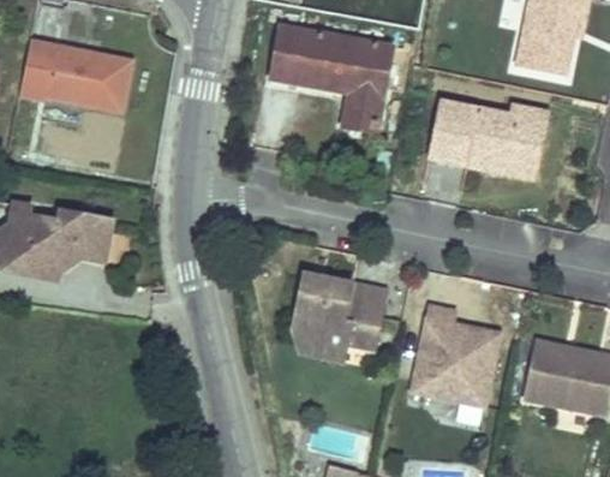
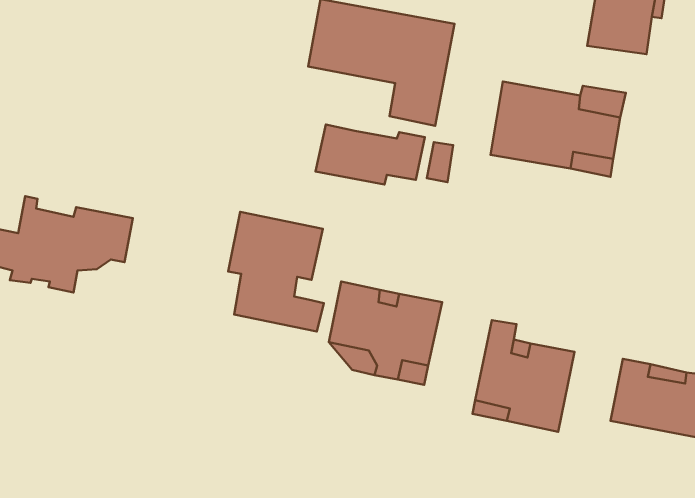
building: [24,43,134,112] -> none
building: none -> [316,125,425,185]
building: none -> [228,212,324,332]

